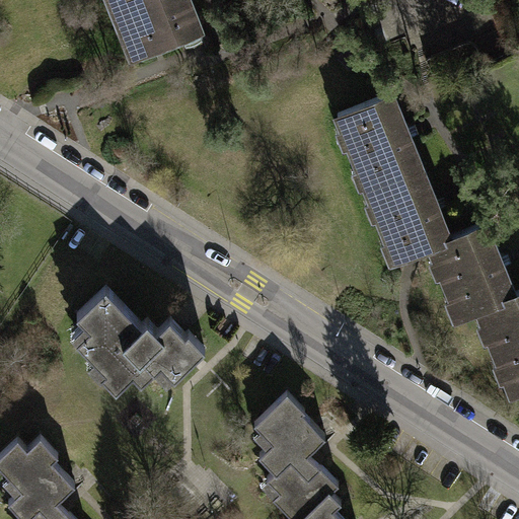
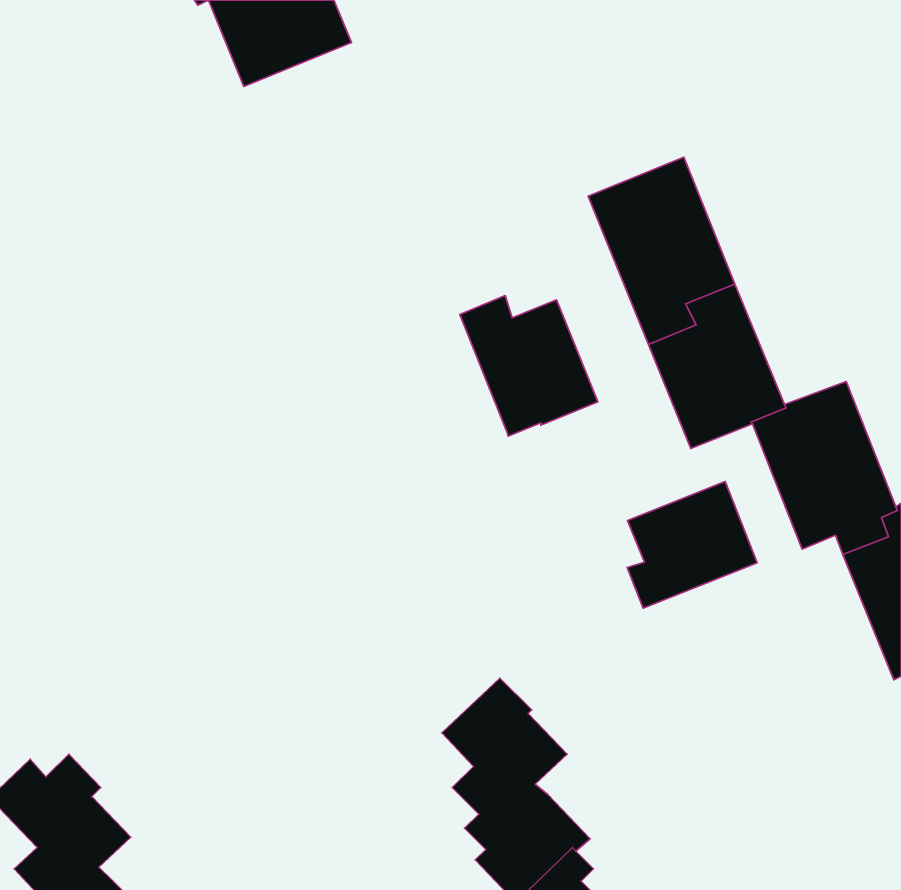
building: none -> [460,296,598,436]
building: none -> [627,482,757,608]
building: [76,291,205,393] -> none

